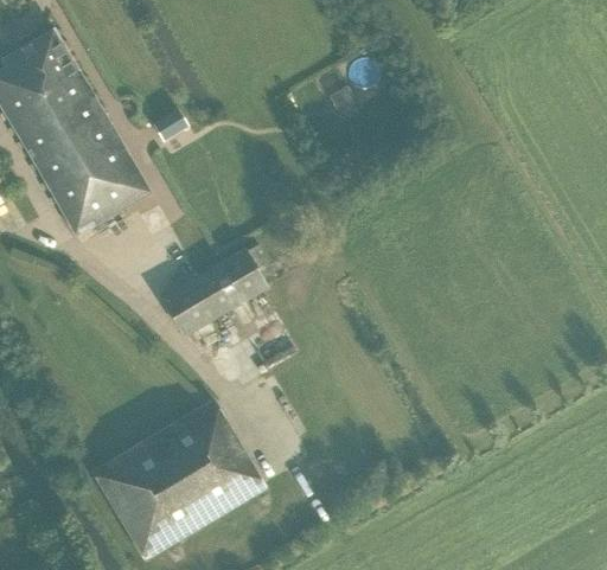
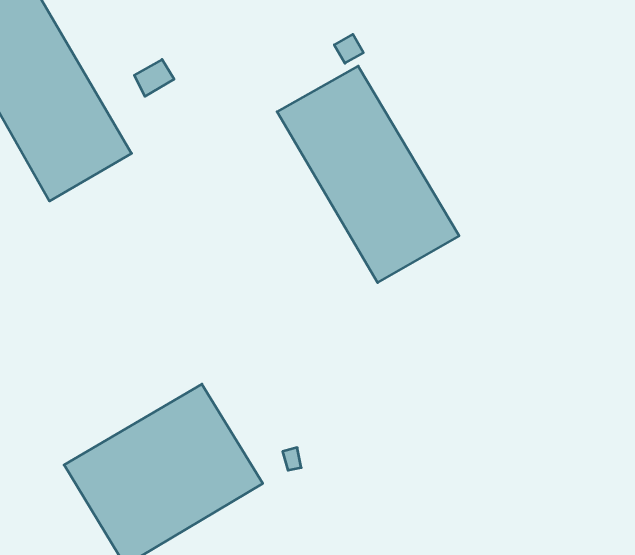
building: none -> [277,66,459,283]
building: [160,244,270,337] -> none

